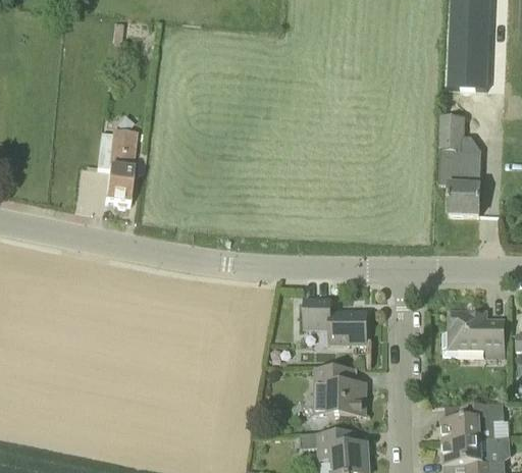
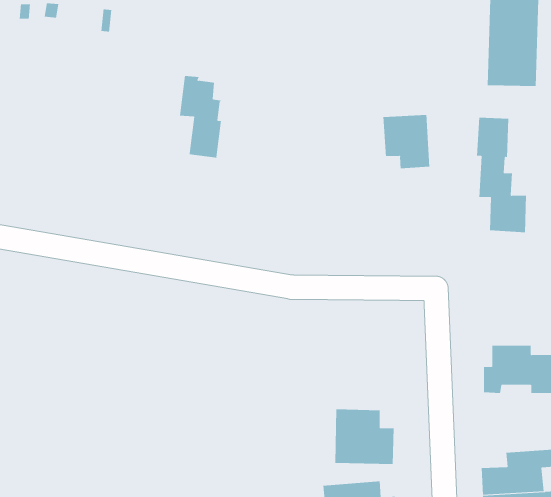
building: none -> [383,114,430,169]
building: [98,133,135,204] -> [179,76,222,158]
building: [306,299,367,341] -> none

